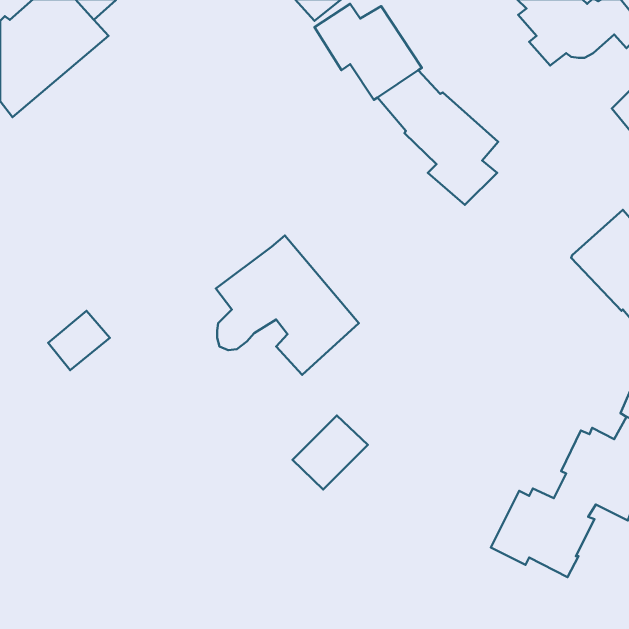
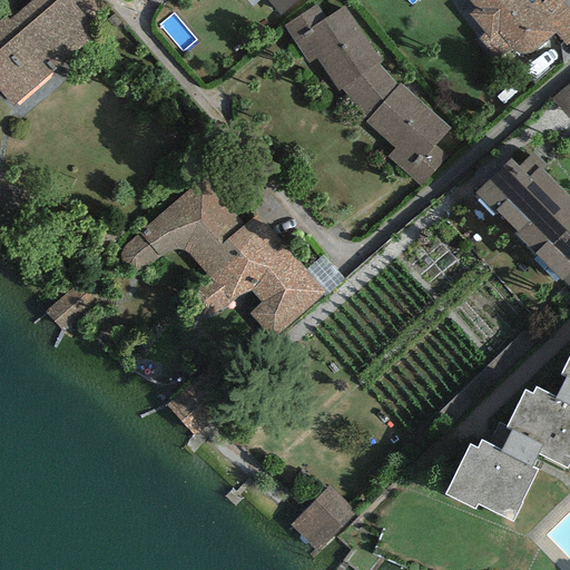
building: none -> [475,153,563,230]
building: none -> [120,178,246,272]
building: [292,415,368,489] -> [289,484,357,551]

